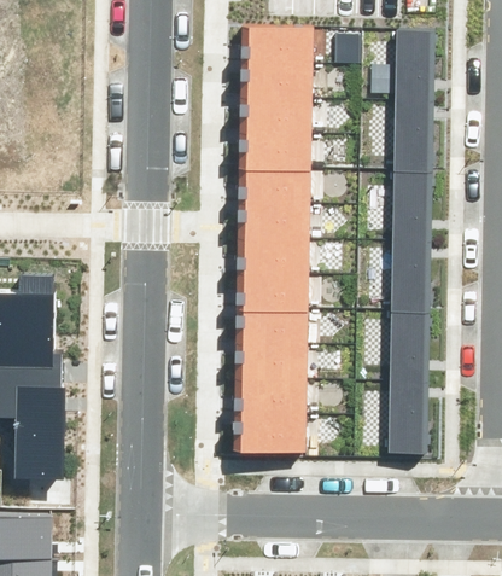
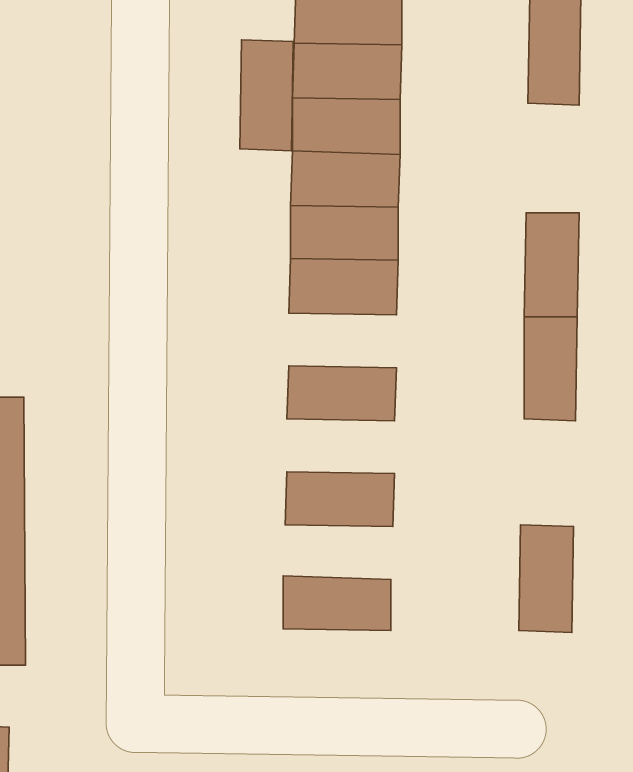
building: none -> [240,40,293,151]
building: [393,103,428,175] -> none
building: [237,242,308,278] -> none
building: [235,312,307,348] -> none
building: [390,312,426,383] -> none
building: [233,382,305,418] -> none

